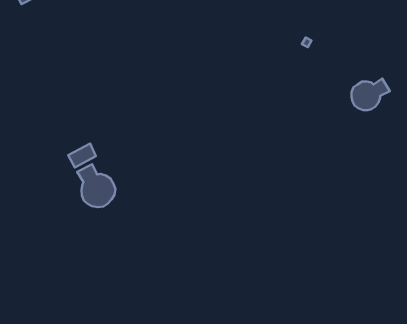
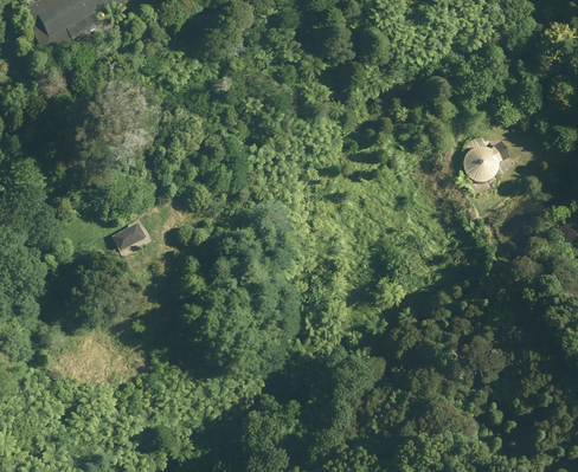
building: [77,164,115,207] -> none

